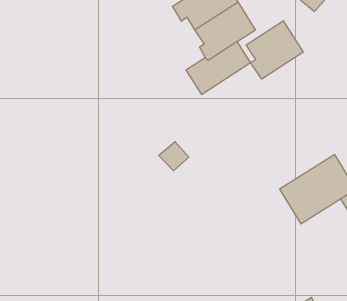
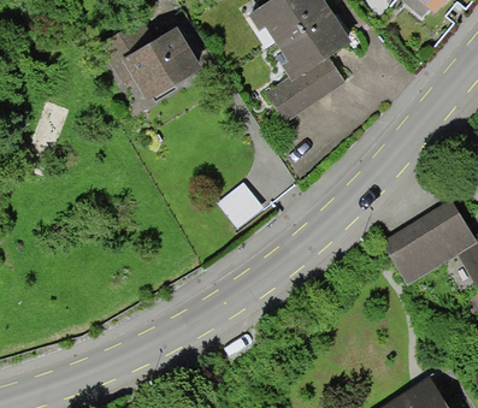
building: none -> [99,22,196,104]
building: [246,21,303,79] -> none

